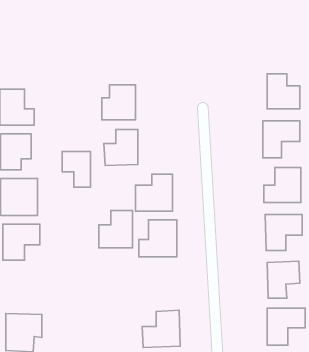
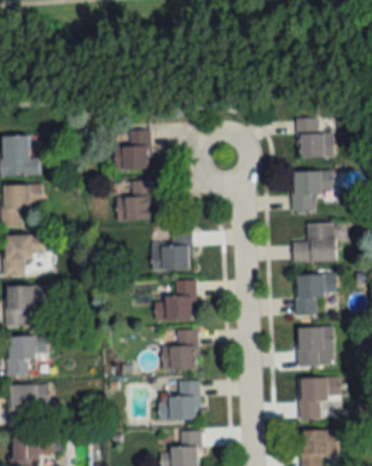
building: [62,151,91,187] -> none
building: [99,211,132,248] -> [162,330,199,371]
building: none -> [7,336,48,375]

